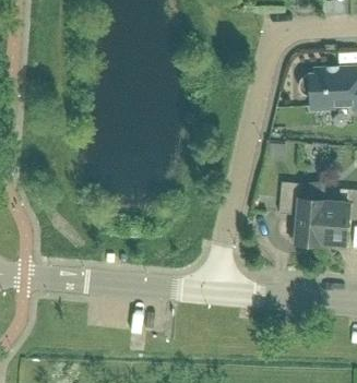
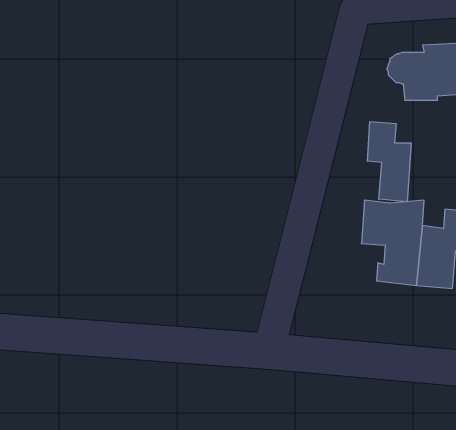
building: none -> [368,122,411,202]

